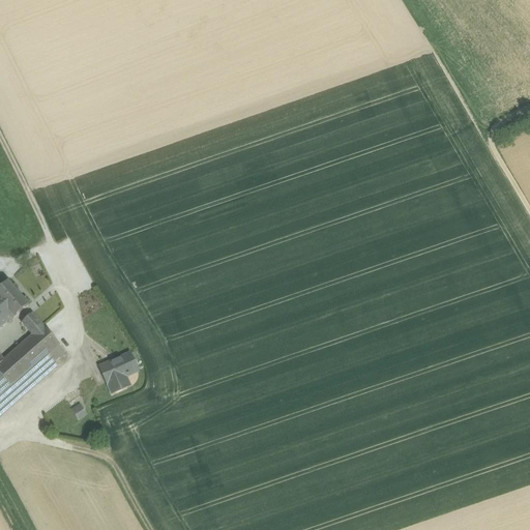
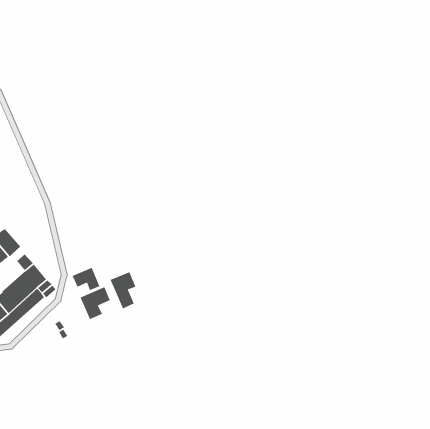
building: none -> [71,267,100,291]
building: none -> [109,271,137,310]

